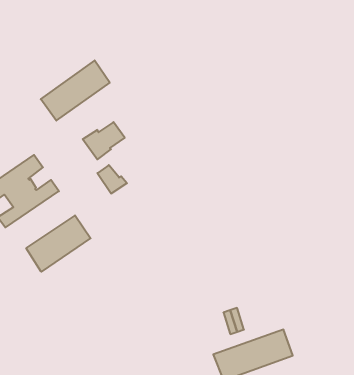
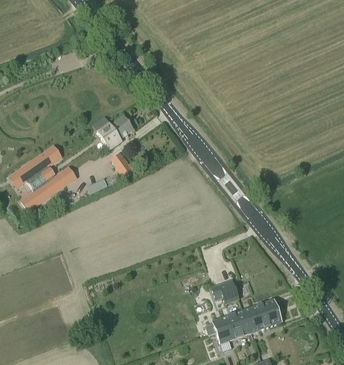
building: [41,60,110,121] -> none
building: [26,215,91,272] -> none

